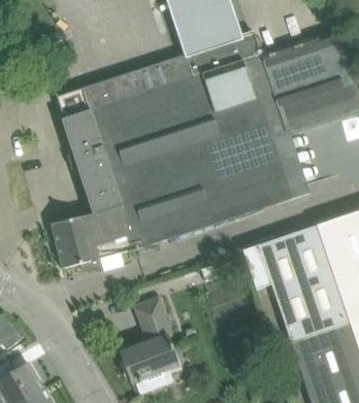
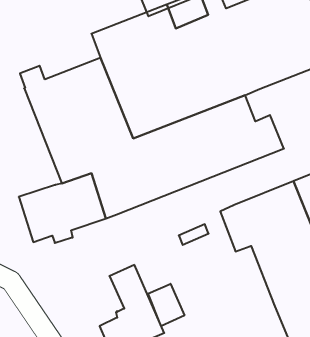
building: [55,71,137,112] -> none
building: none -> [148,284,184,326]

